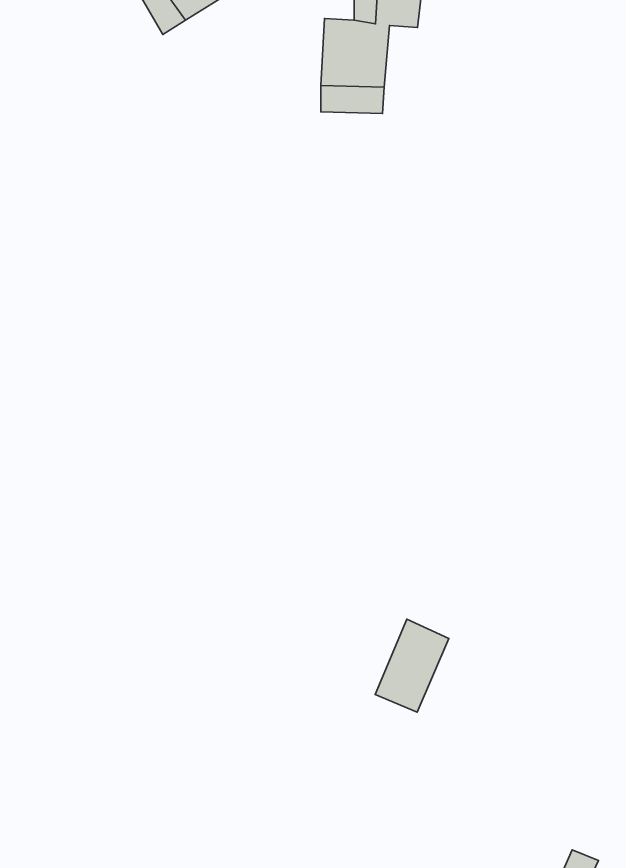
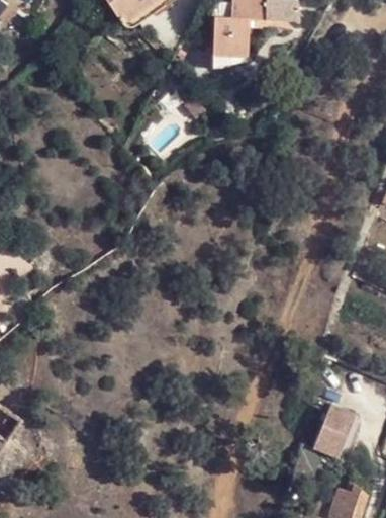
building: [375,619,449,712] -> [312,406,355,459]

